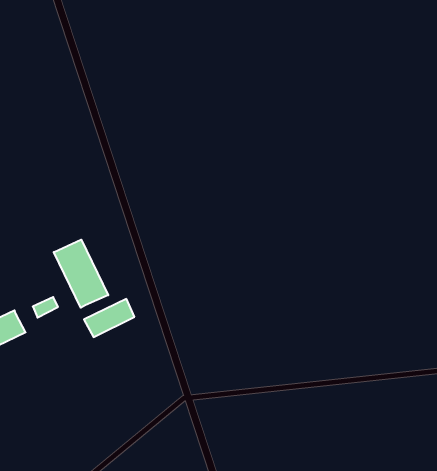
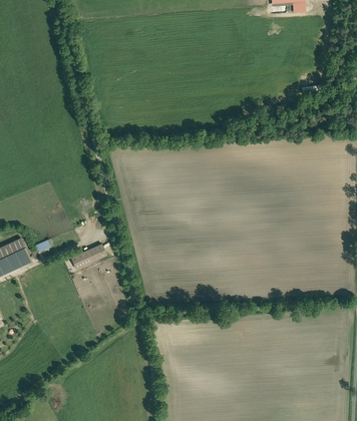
building: [54,240,108,308] -> none

